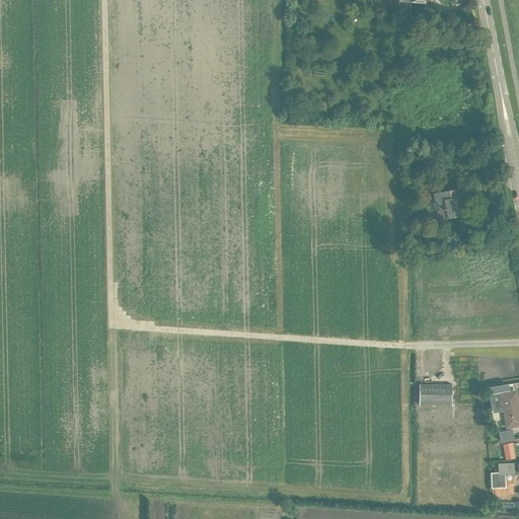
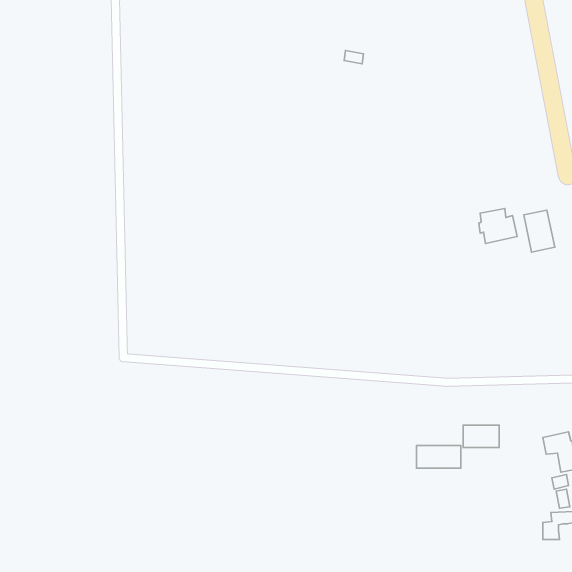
building: none -> [524,210,555,252]
building: none -> [417,446,461,468]

